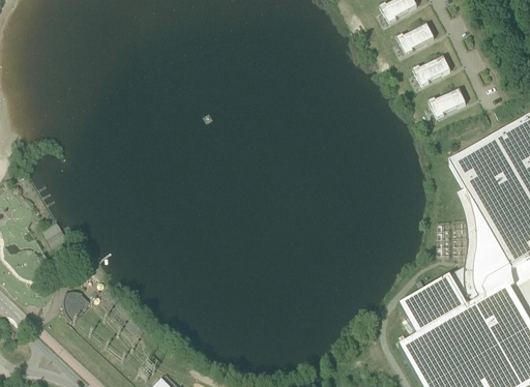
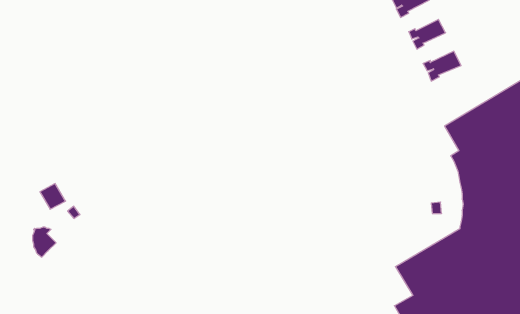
building: [64,290,88,320] -> [33,227,56,257]

